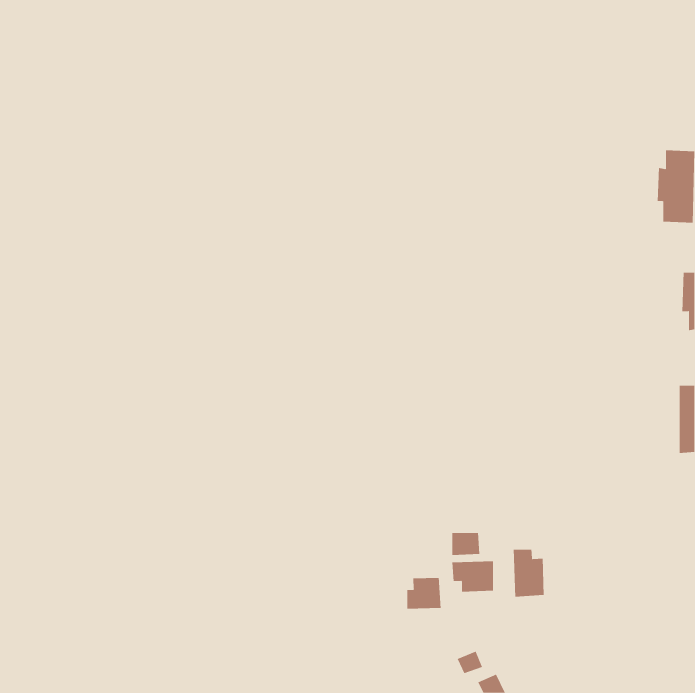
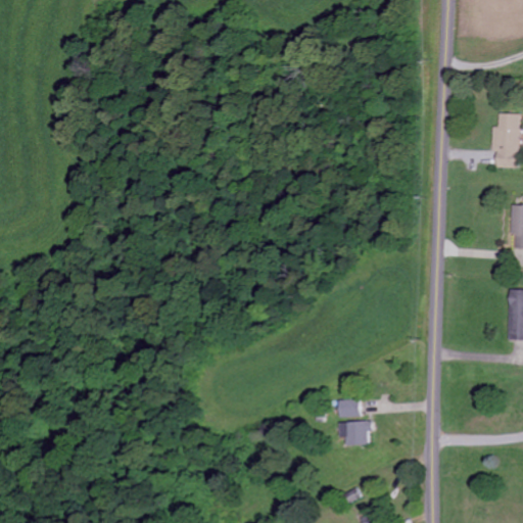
building: [513,549,544,598] -> none
building: [407,577,441,610] -> none

